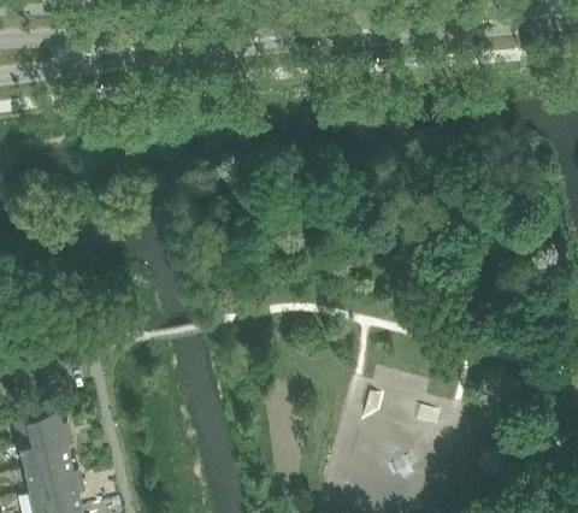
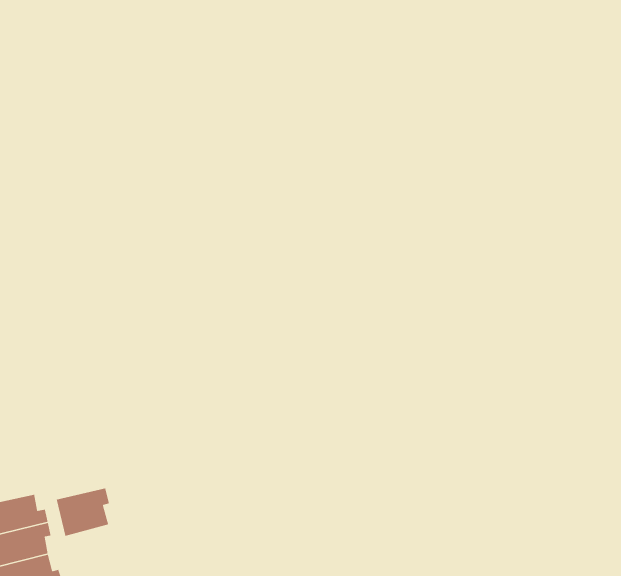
building: none -> [56,488,110,537]

